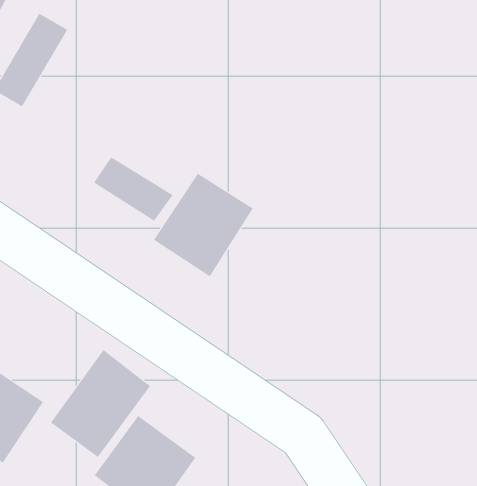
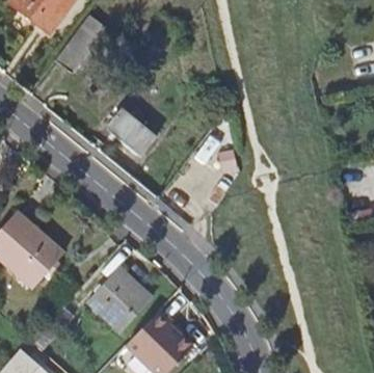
building: [153,173,254,277] -> none
building: [50,349,151,458] -> none

